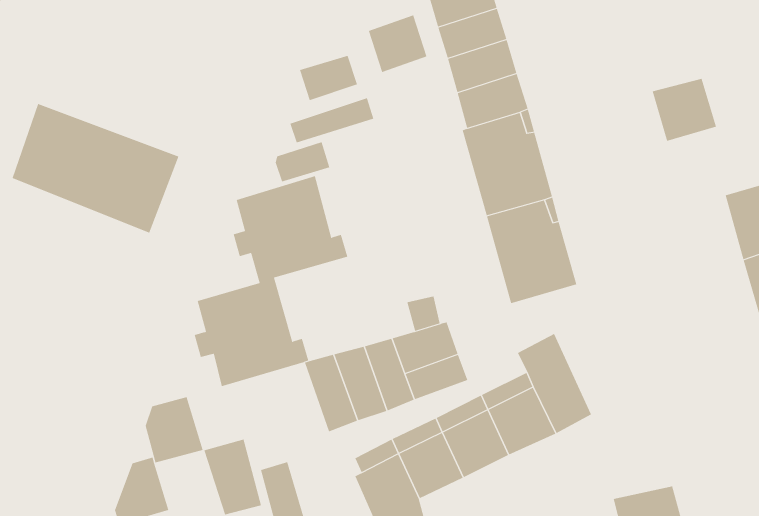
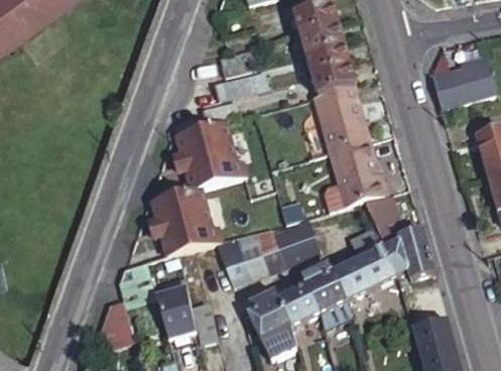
building: [368,15,427,73] -> none
building: none -> [465,54,494,98]
building: [12,103,179,233] -> none
building: none -> [364,197,433,279]

